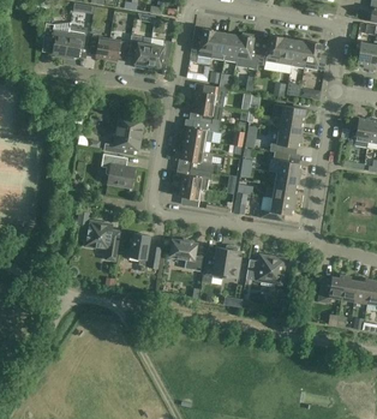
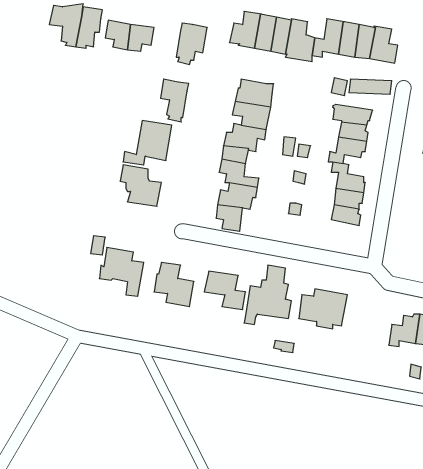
building: [128,34,151,68] -> [161,79,189,122]
building: [259,196,295,220] -> none

